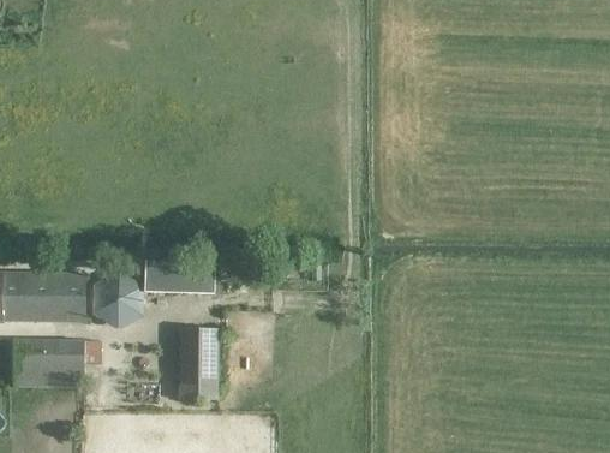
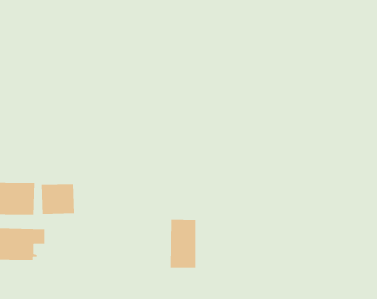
building: [148,262,211,294] -> none
building: [179,327,217,399] -> [170,219,196,268]

